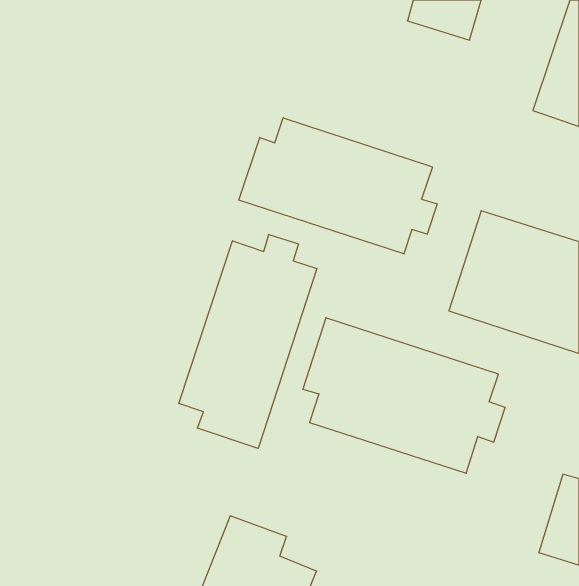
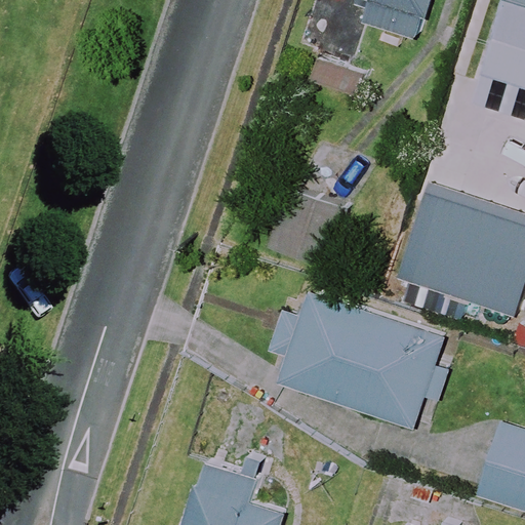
building: [239,118,437,254] -> none
building: [179,234,317,448] -> none

